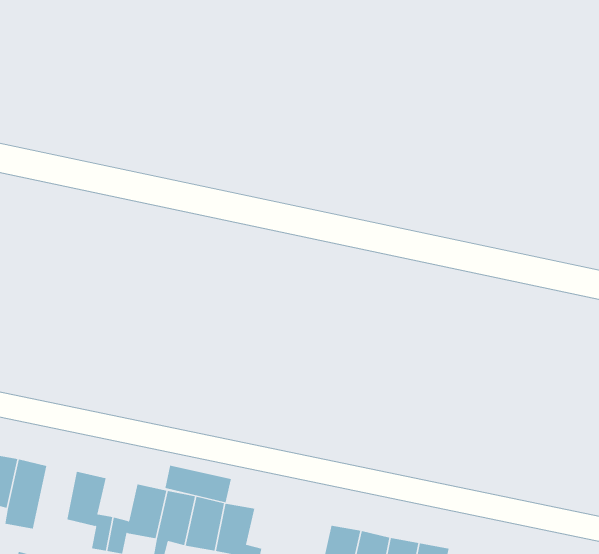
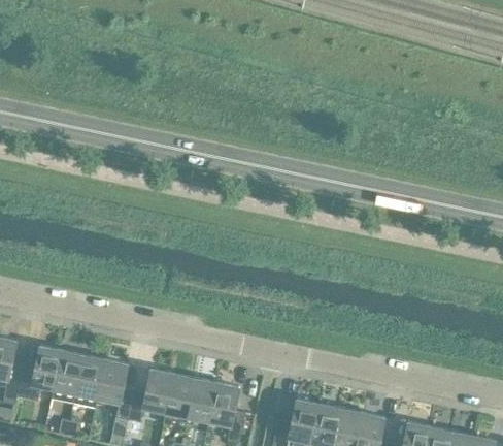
building: [165,465,231,503] -> none
building: none -> [72,355,104,407]

